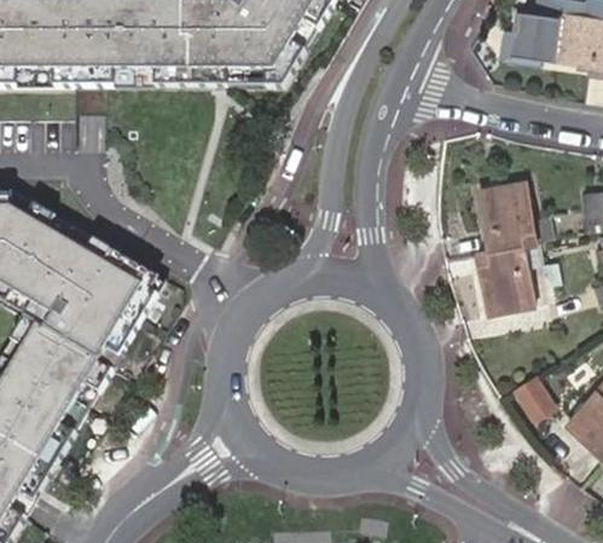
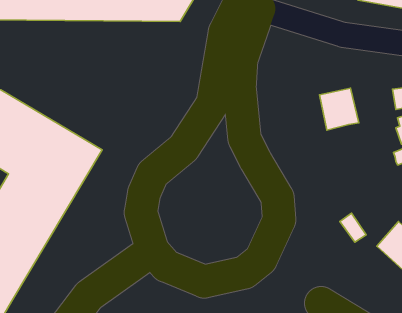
building: [474,237,532,301] -> none

